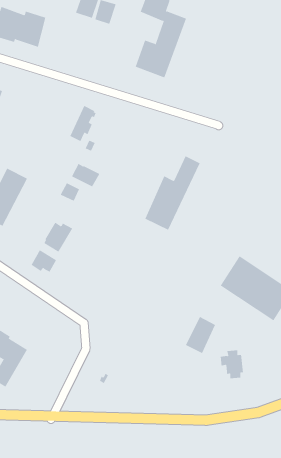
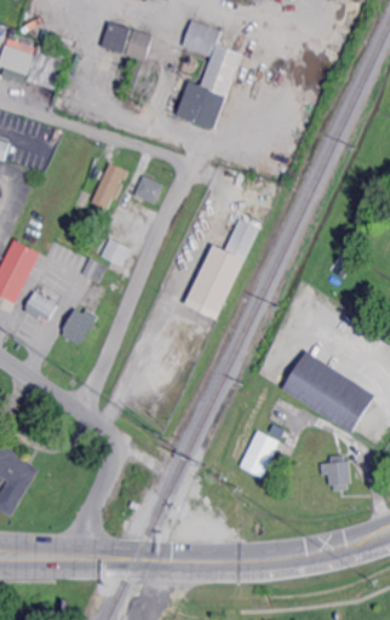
building: none -> [132,177,164,205]
building: [31,250,57,273] -> [22,293,55,322]
building: [220,350,244,379] -> [319,457,349,493]

